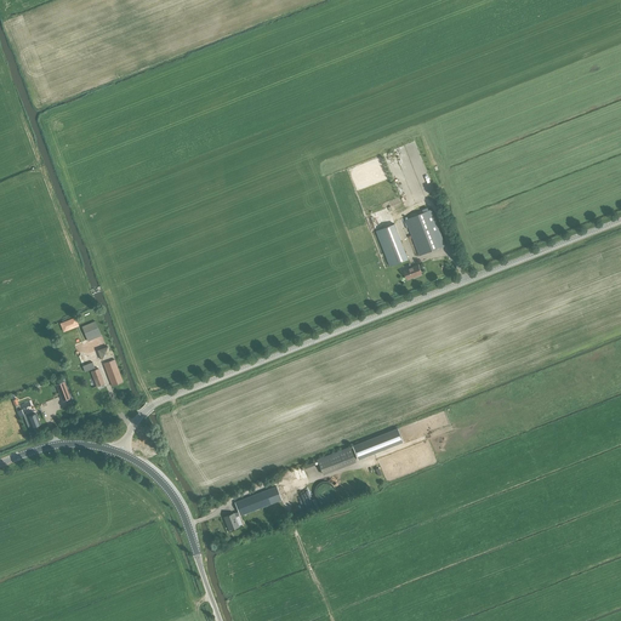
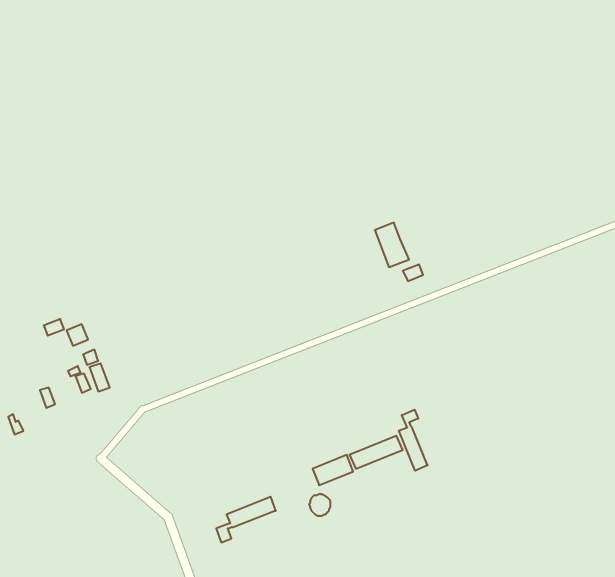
building: [404,210,444,256] -> none
building: none -> [399,410,428,471]

